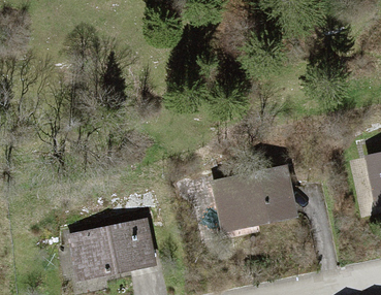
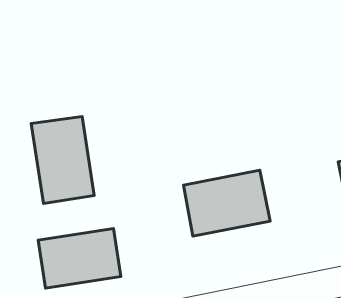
building: none -> [31,117,94,204]

